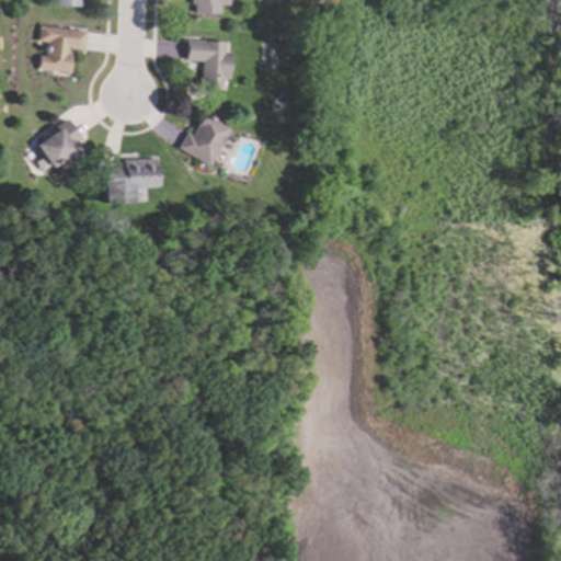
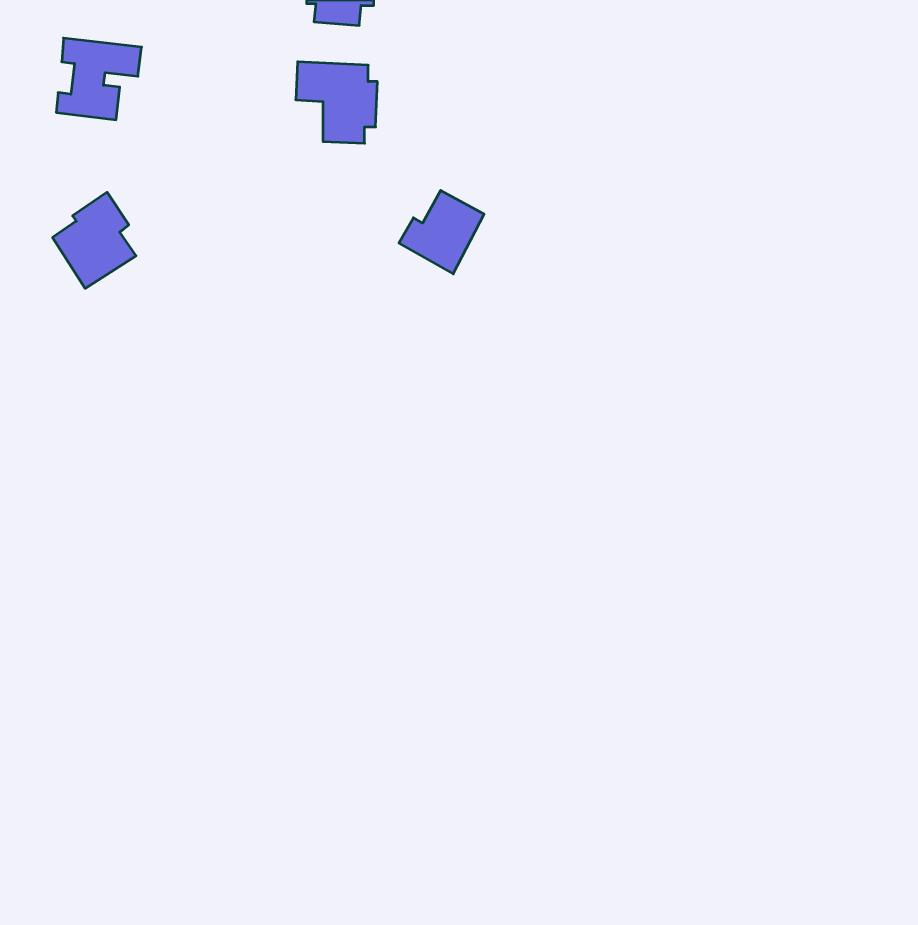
building: [179,114,230,164] -> [399,190,484,274]
building: [106,159,160,204] -> none

